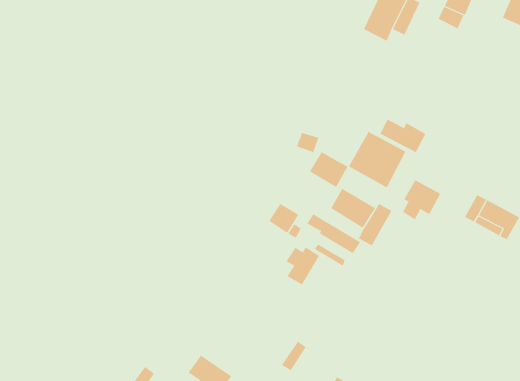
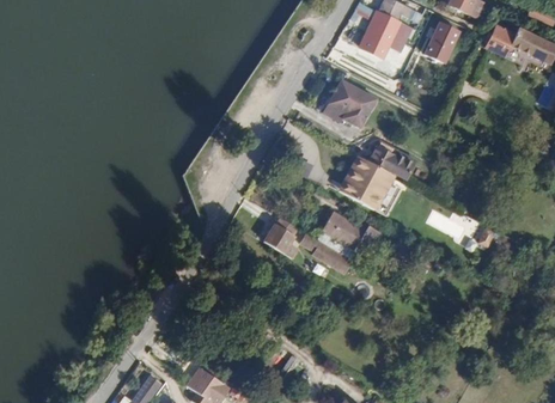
building: none -> [323,79,374,127]
building: [309,152,348,188] -> none
building: [402,179,441,220] -> none
building: [286,246,320,285] -> none

